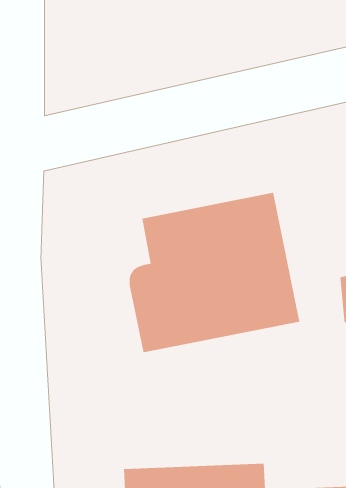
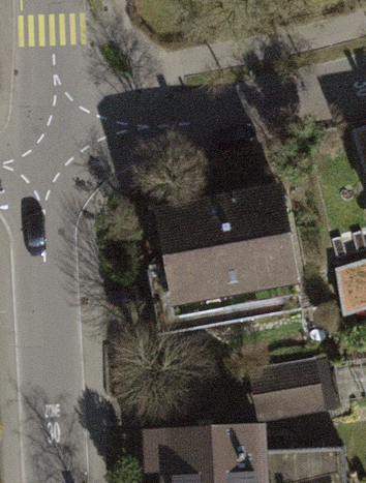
building: none -> [258,355,330,417]

